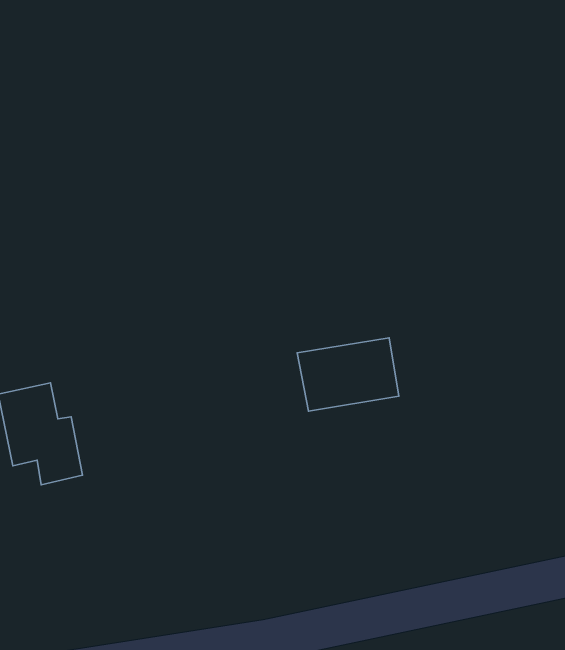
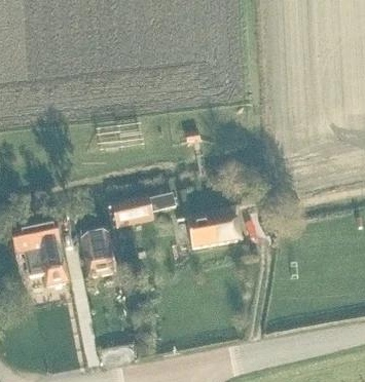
building: none -> [112,194,154,226]
building: none -> [82,225,115,273]

